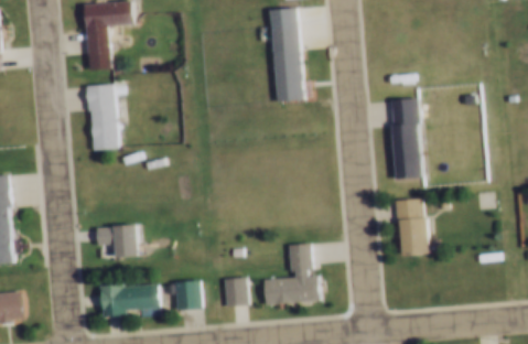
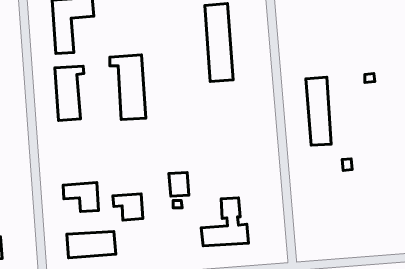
building: none -> [110,55,146,120]
building: [395,198,427,255] -> none
building: [224,278,248,307] -> [169,172,189,196]
building: [165,279,202,311] -> [113,194,143,220]

